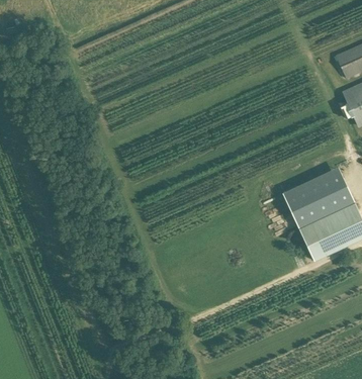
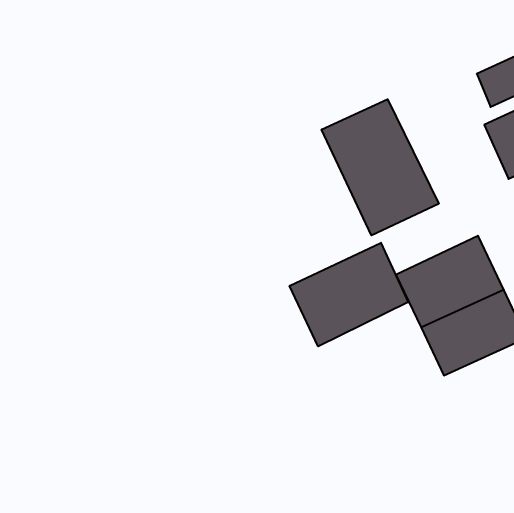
building: none -> [322,99,439,235]
building: none -> [290,243,408,346]

